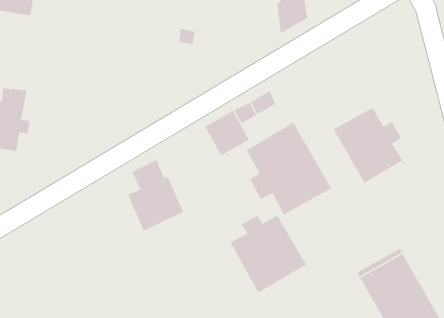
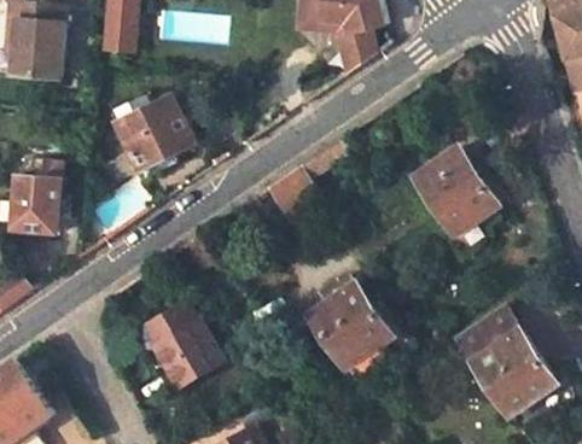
building: none -> [114,99,192,182]
building: [246,121,332,215] -> none
building: [127,159,184,232] -> [153,304,220,388]

